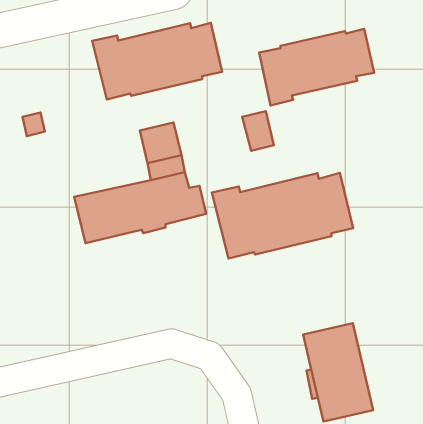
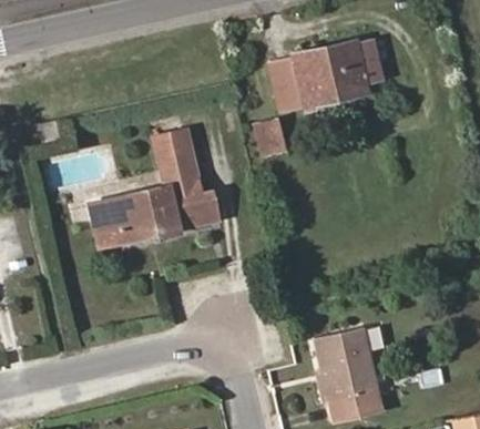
building: [92,23,222,99] -> none
building: [212,173,353,259] -> none

